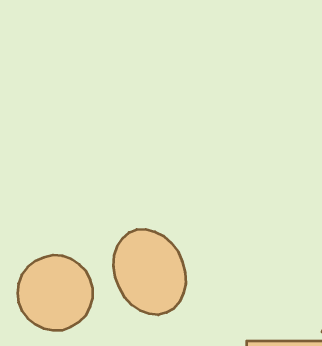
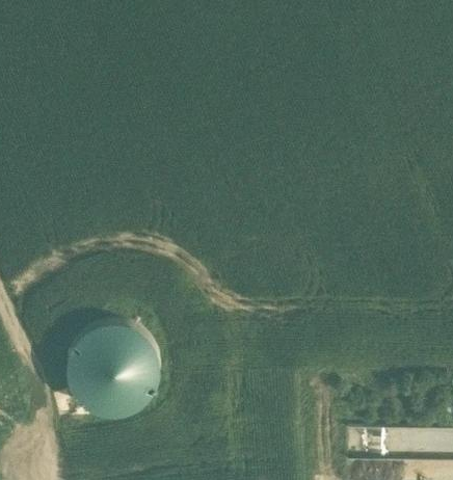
building: [114,229,186,315] -> none

